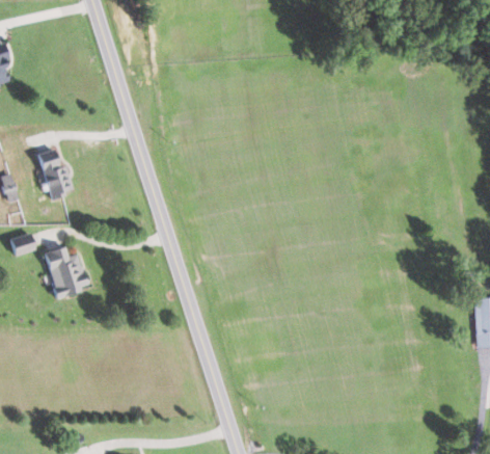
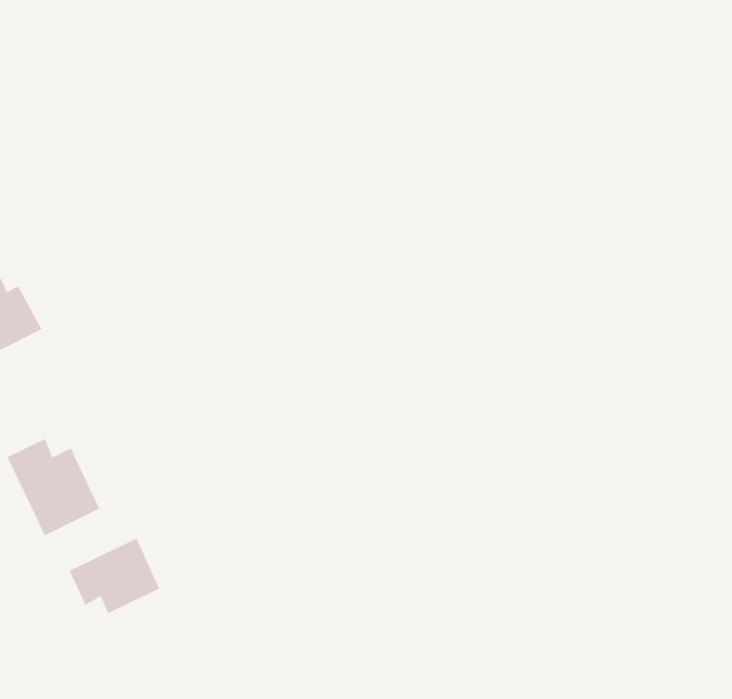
building: none -> [68,538,160,614]

